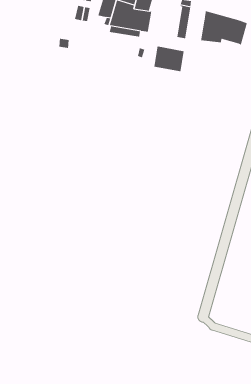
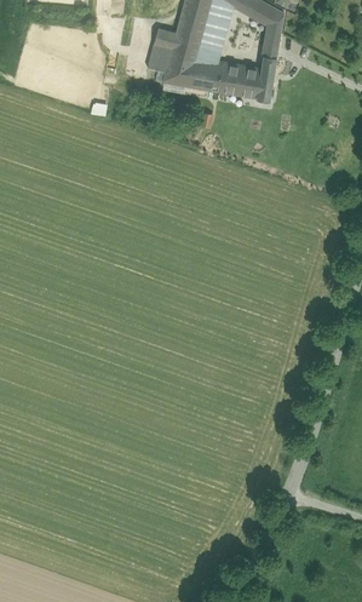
building: [200,10,247,45] -> none
building: [153,46,185,72] -> [218,63,262,99]

